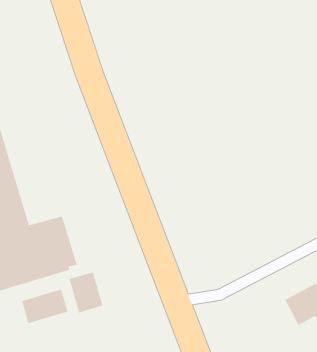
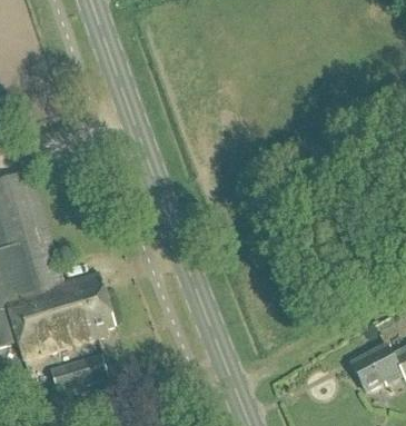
building: [69,271,103,313] -> none

